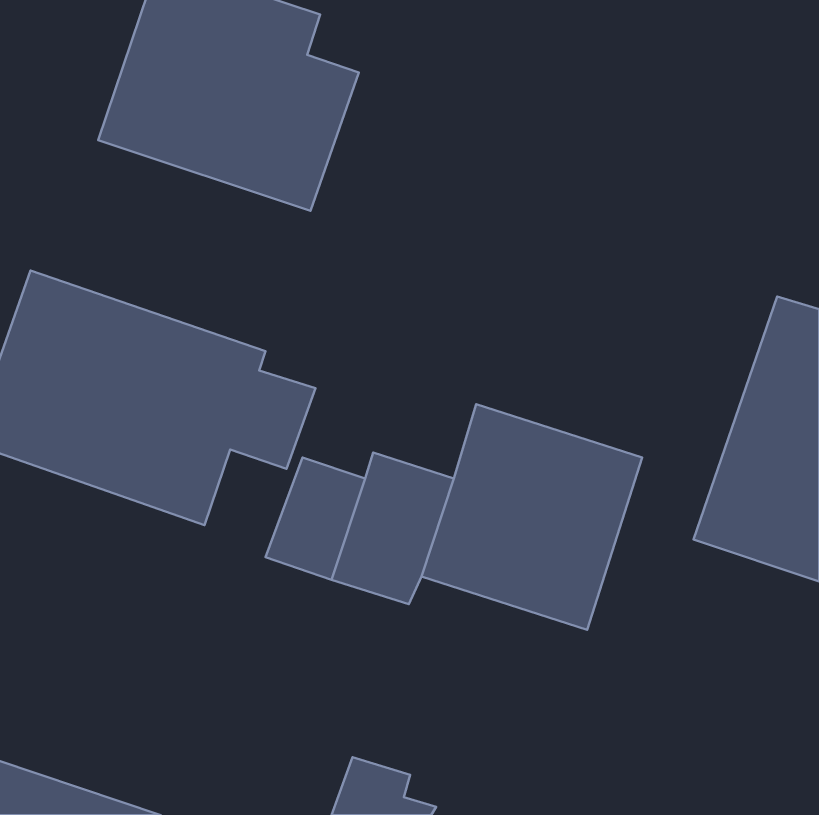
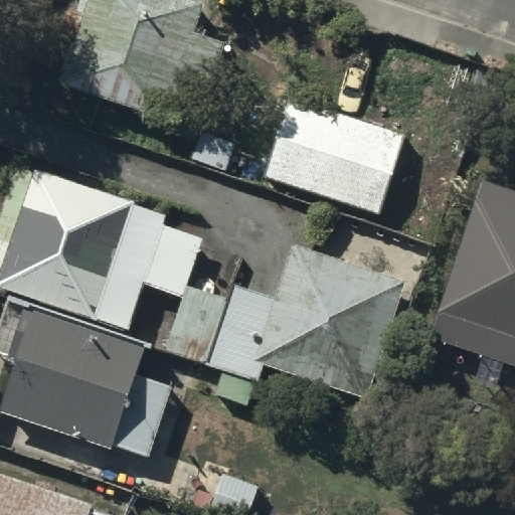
building: none -> [268,99,402,211]
building: none -> [6,312,169,458]

